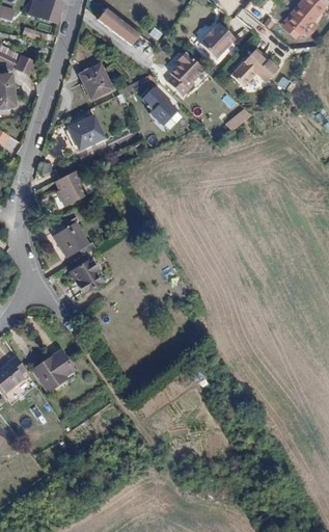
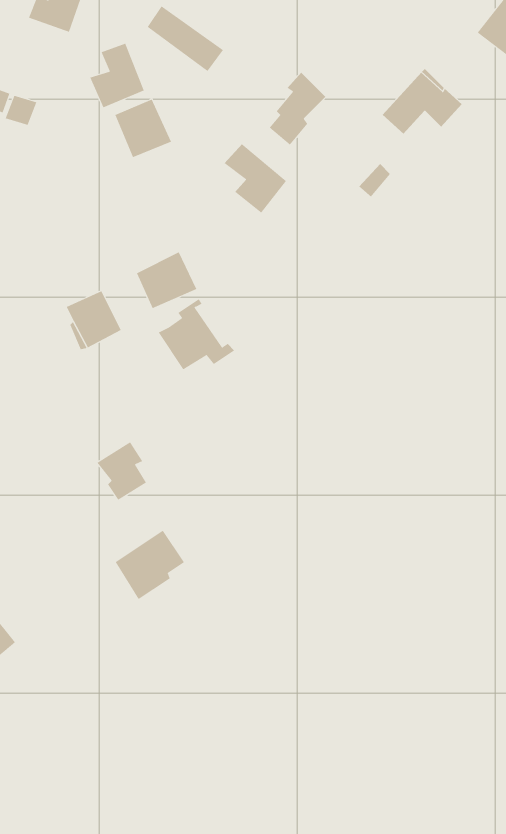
building: [202,20,237,55] -> none
building: none -> [89,43,144,108]
building: [66,114,102,148] -> [136,252,197,309]
building: [49,217,93,259] -> [158,298,235,370]
building: [33,350,74,391] -> [115,530,185,600]

